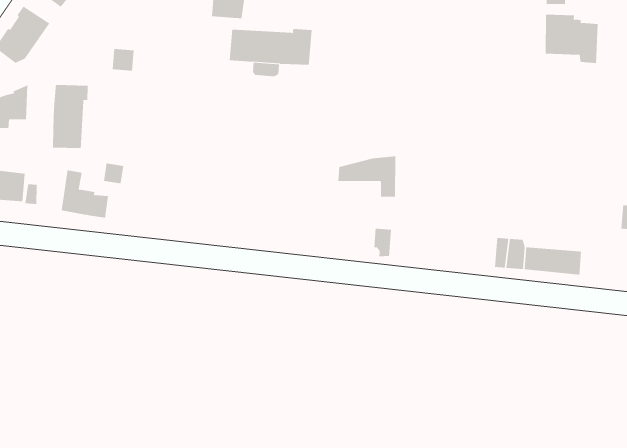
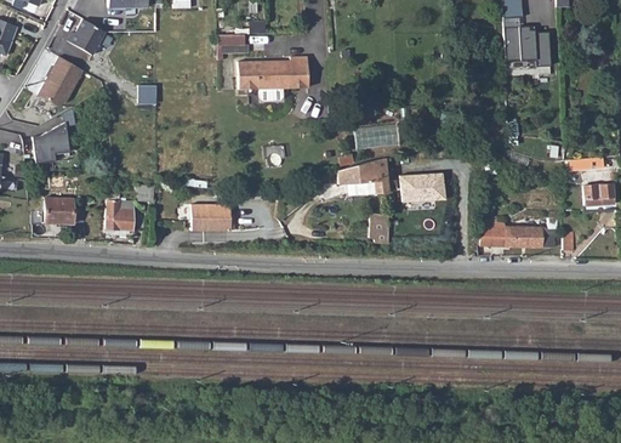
building: [52,84,88,149] -> none
building: none -> [400,174,448,203]
building: none -> [189,203,229,231]

